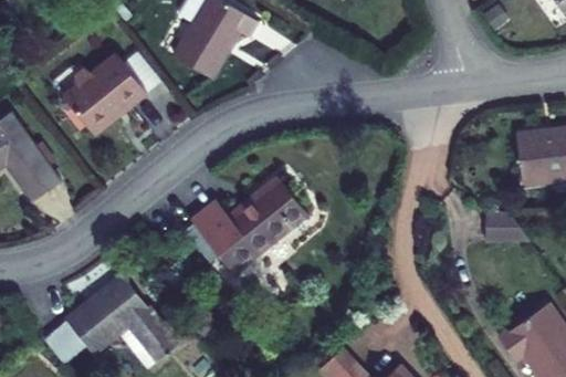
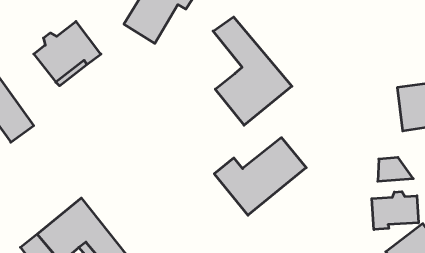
building: none -> [213,17,292,125]
building: [191,176,306,273] -> [214,138,306,215]
building: none -> [372,192,418,230]

